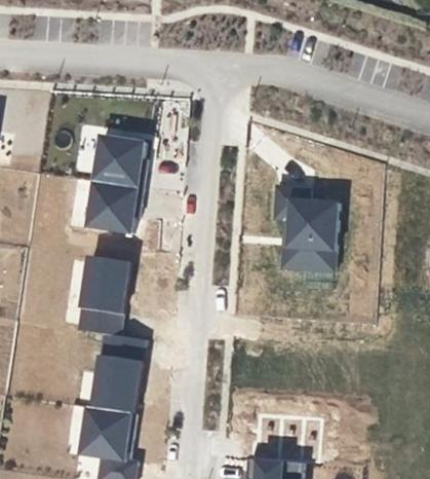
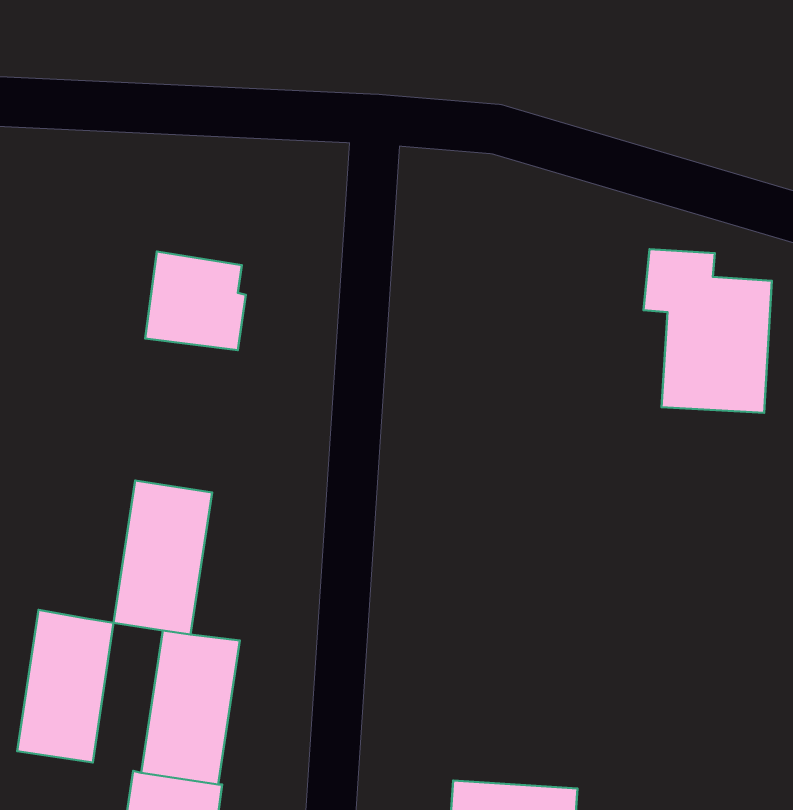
building: [86,183,141,233] -> none
building: [270,187,337,272] -> [644,249,772,413]
building: none -> [17,610,113,762]

